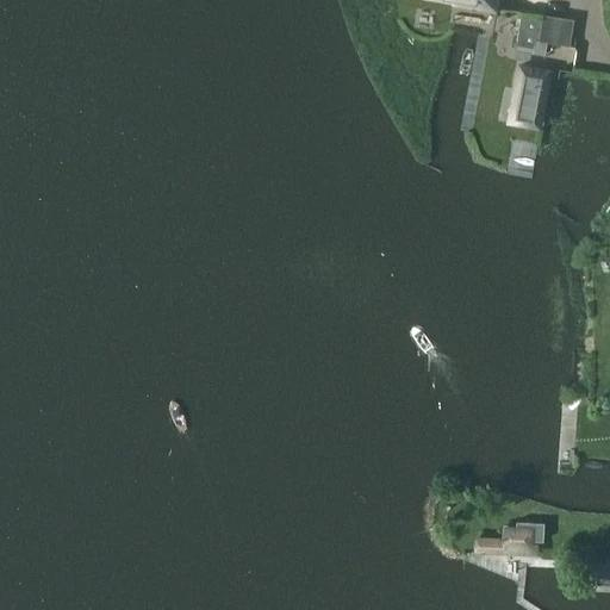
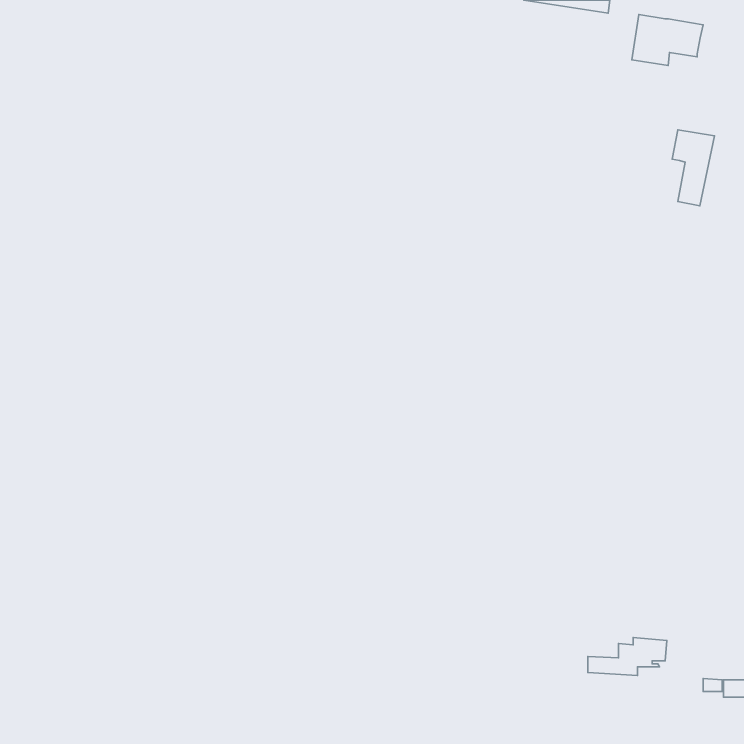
building: [516,68,550,130] -> [672,130,714,206]

